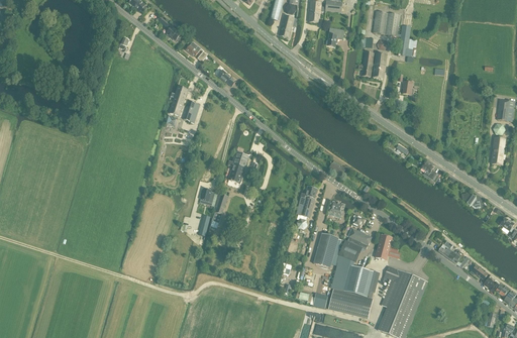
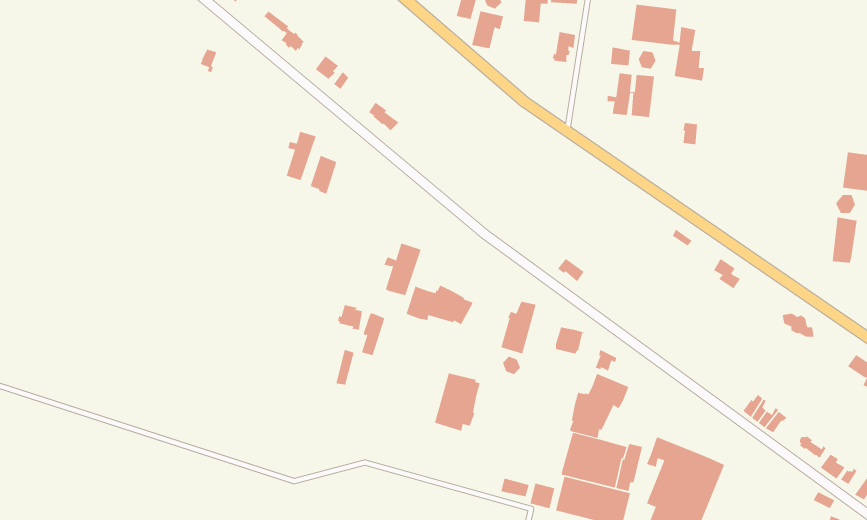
building: none -> [406,285,473,325]
building: [313,233,340,267] -> [434,373,481,431]
building: [375,234,400,259] -> none

